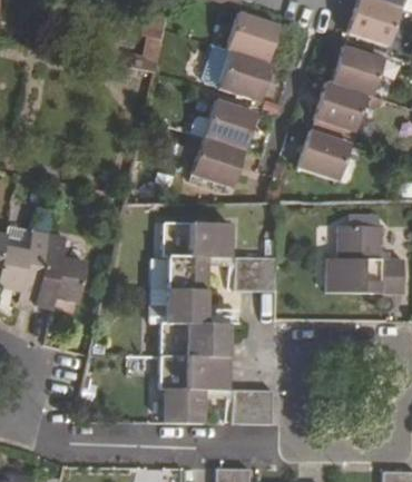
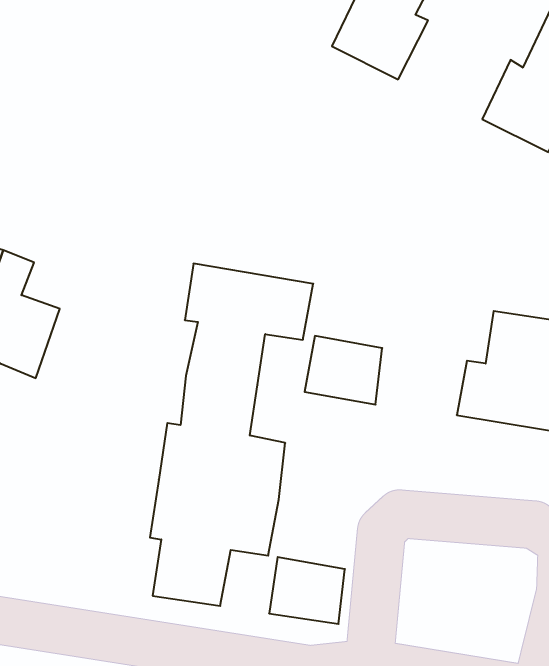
building: [193,101,257,186] -> none
building: [298,131,350,179] -> none

